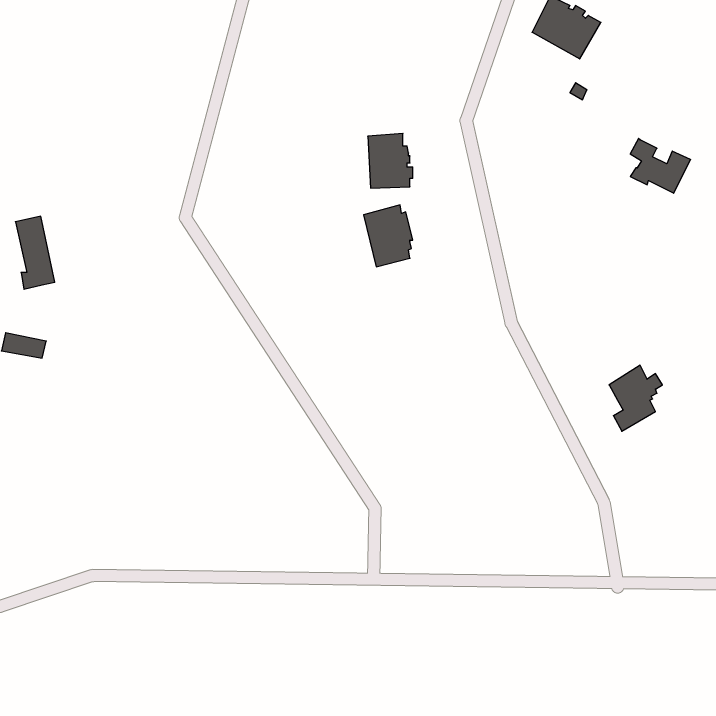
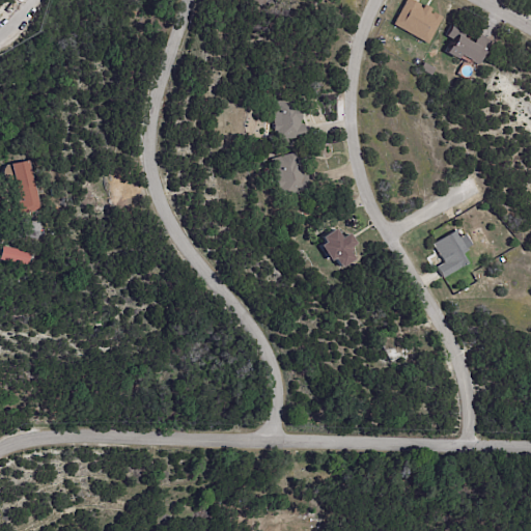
building: [630,138,691,193] -> [448,24,493,64]
building: none -> [322,228,358,268]
building: [609,365,662,431] -> [435,229,474,278]

